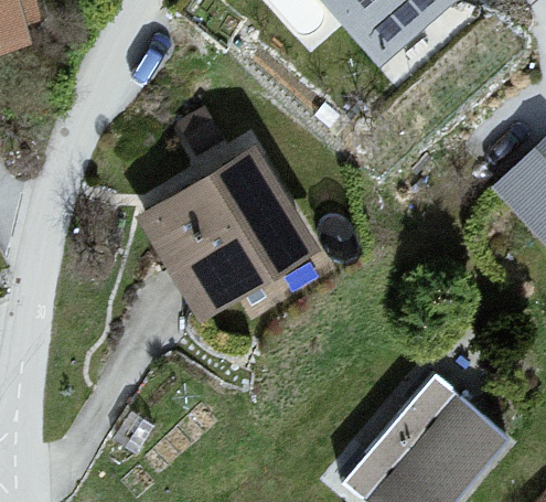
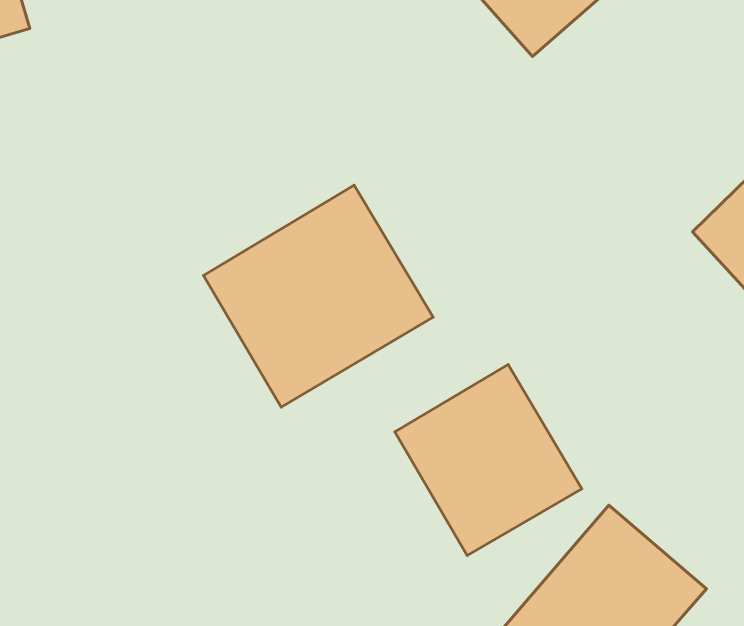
building: none -> [395,364,582,556]

